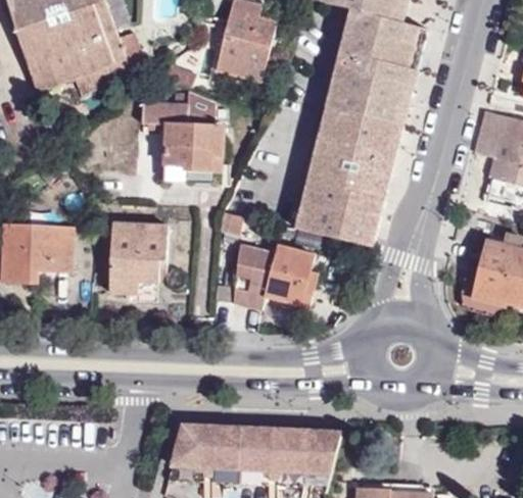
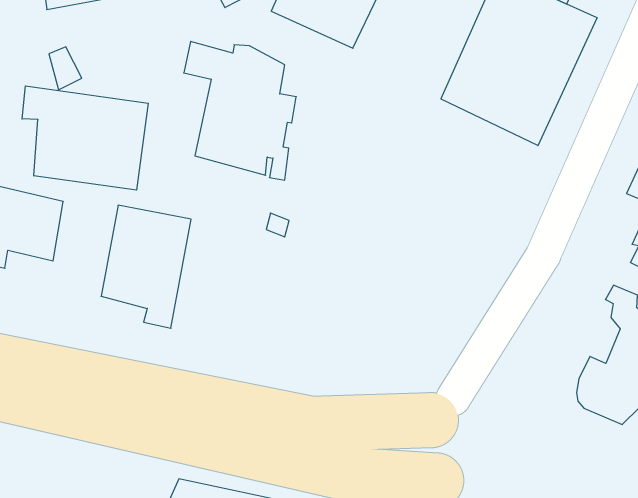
building: [295,108,405,250] -> none
building: none -> [22,86,148,190]
building: [229,245,322,314] -> none

